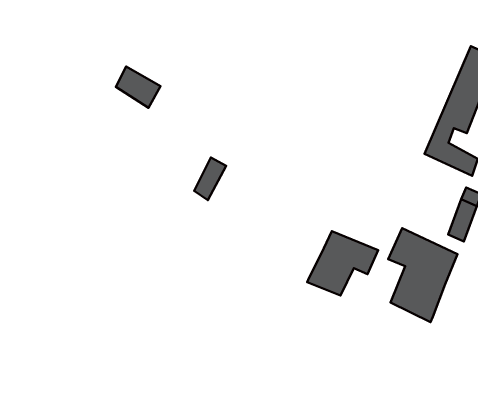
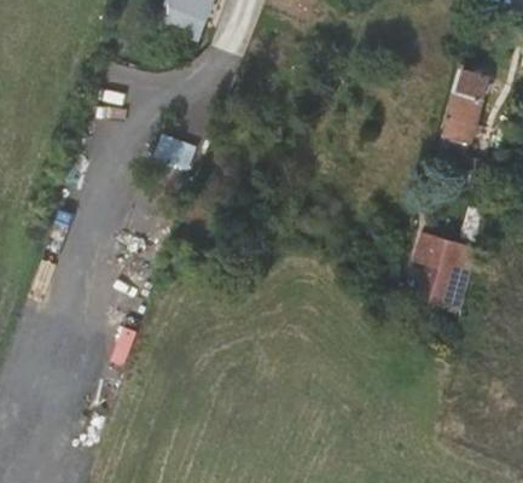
building: [307,231,378,296] -> none

